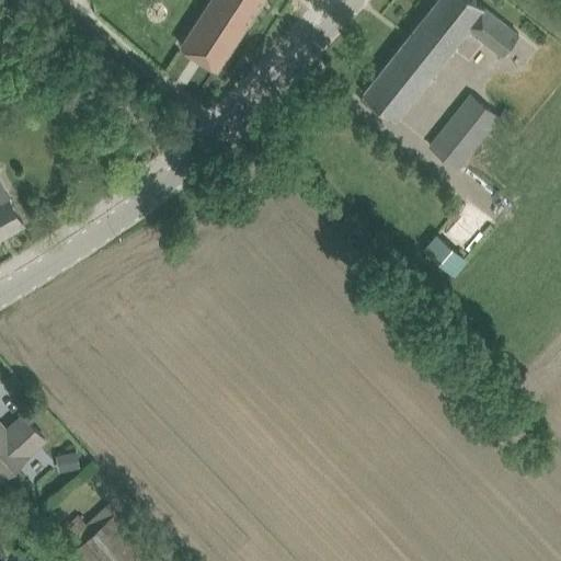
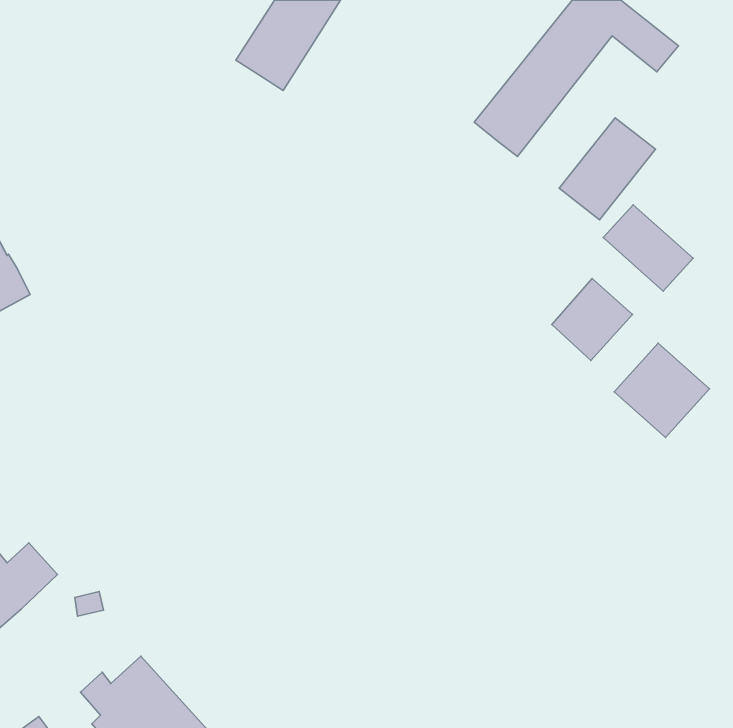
building: none -> [603,205,693,291]
building: none -> [614,343,709,438]

